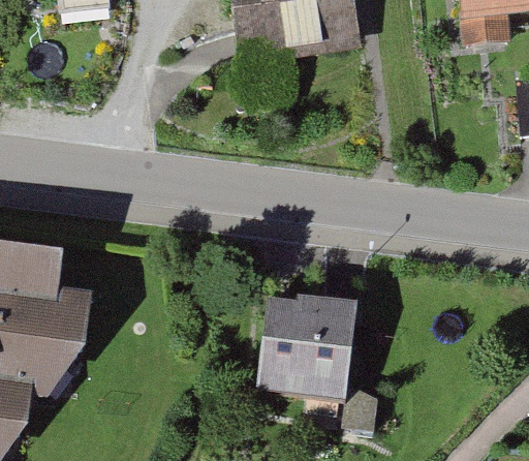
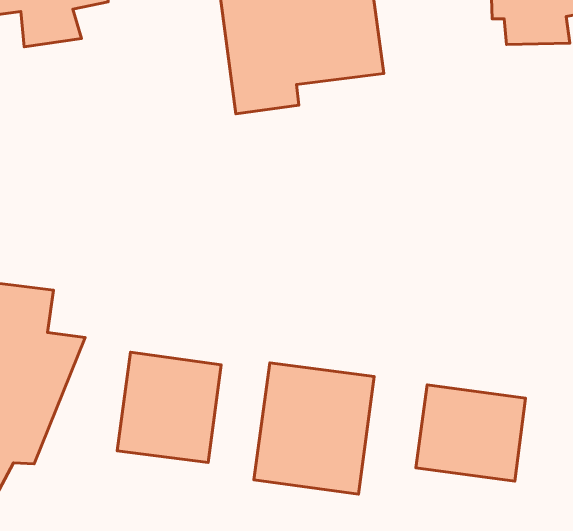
building: none -> [117,352,221,463]
building: none -> [416,385,526,481]

